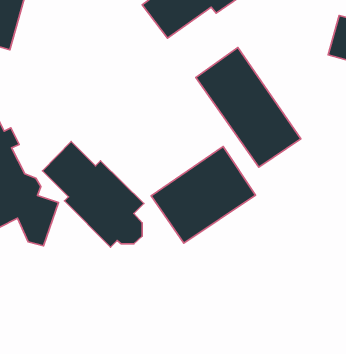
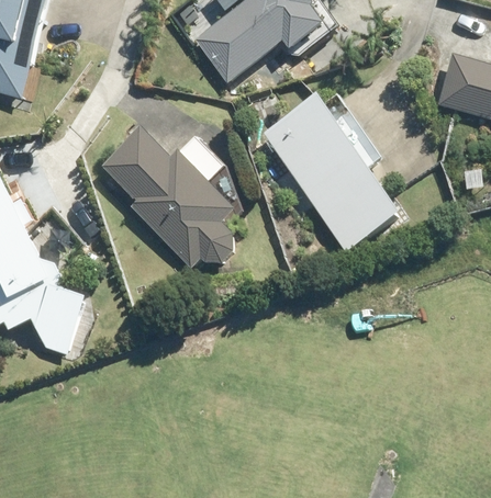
building: [43,142,144,247] -> [102,127,235,265]
building: [151,146,256,243] -> none

